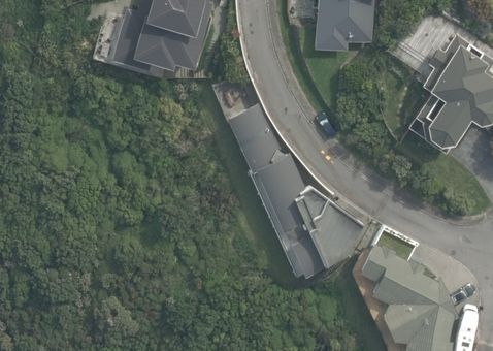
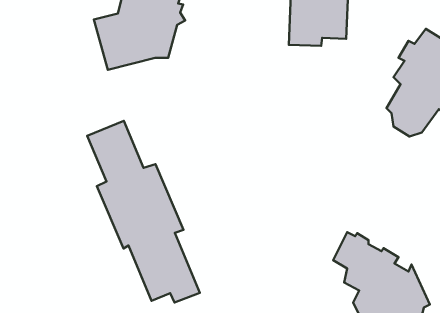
building: [227,103,365,286] -> none
building: none -> [87,121,200,302]

